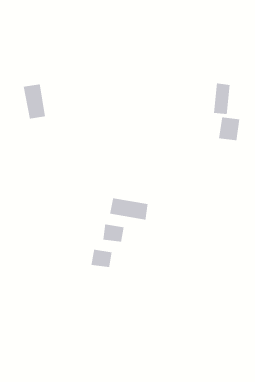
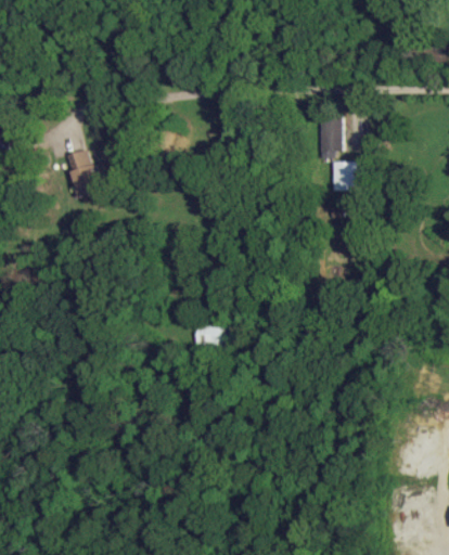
building: [110,197,148,220] -> none
building: [91,249,112,268] -> none

